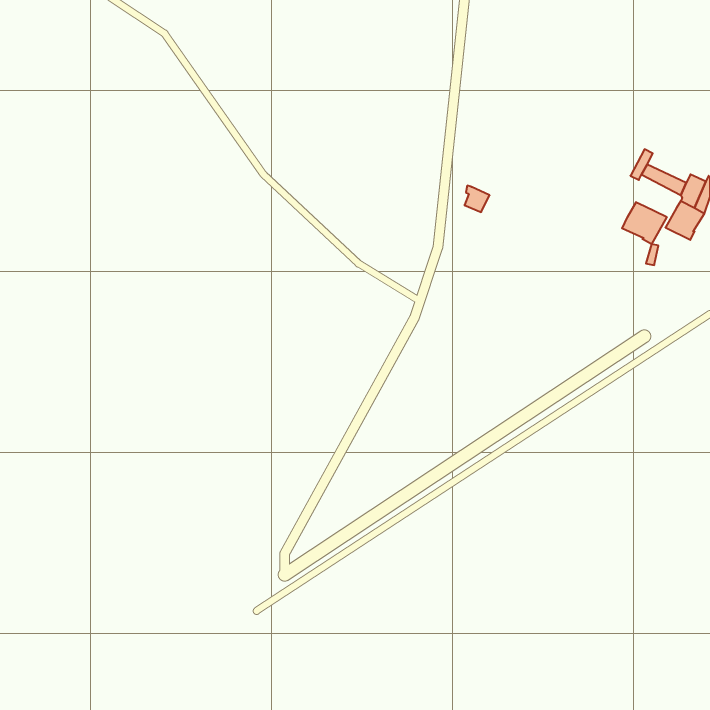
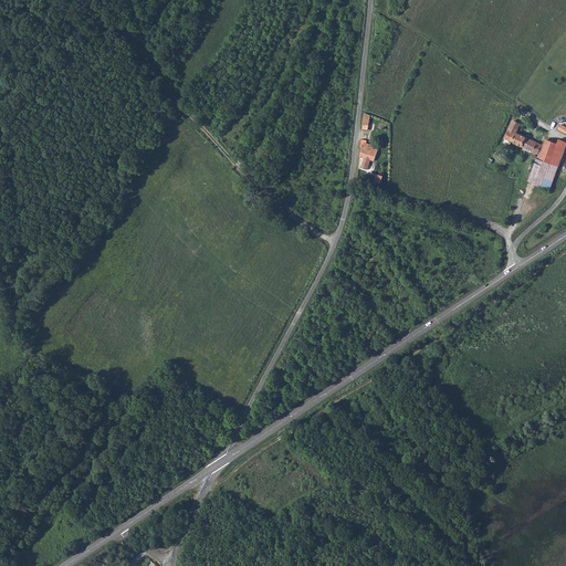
building: [622,202,667,244] -> none

